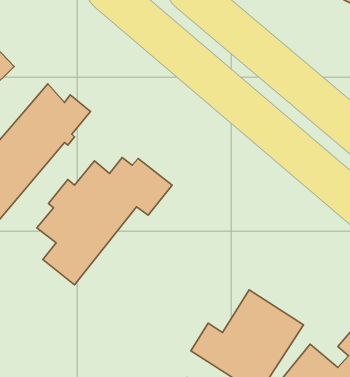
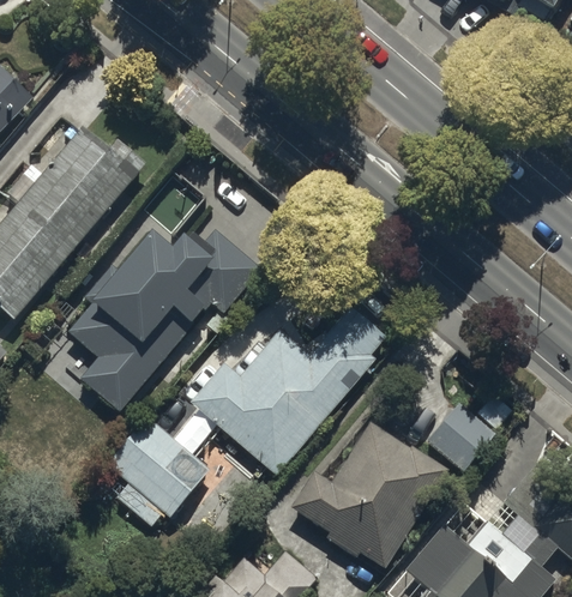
building: none -> [189,308,383,475]
building: none -> [426,403,494,472]
building: none -> [103,414,210,527]

